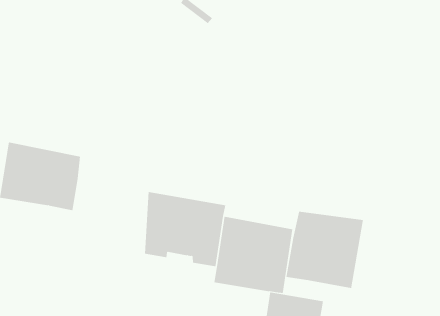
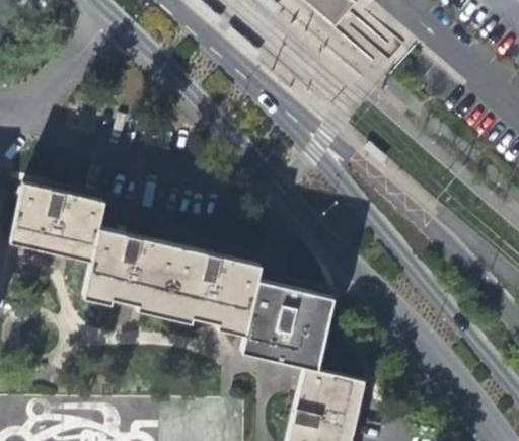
building: none -> [86,227,176,315]
building: [286,211,364,289] -> none

